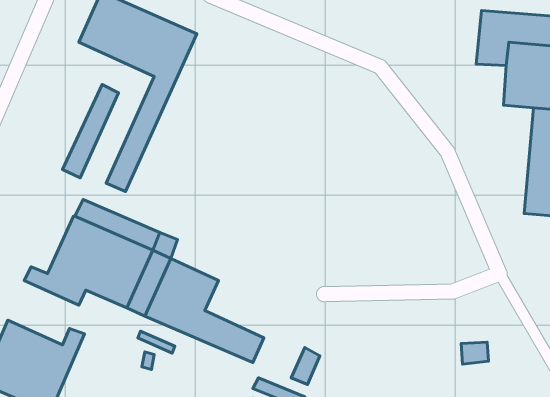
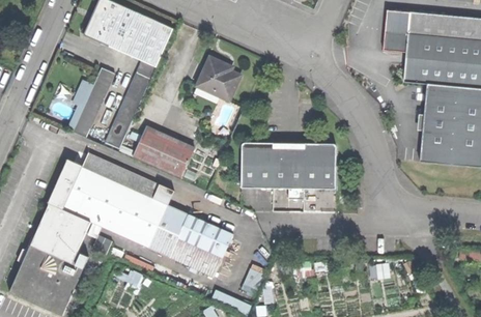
building: none -> [197,55,240,99]
building: none -> [134,126,195,178]
building: none -> [243,143,338,190]
building: none -> [47,159,79,208]
building: none -> [29,213,83,262]
building: none -> [178,213,234,257]

